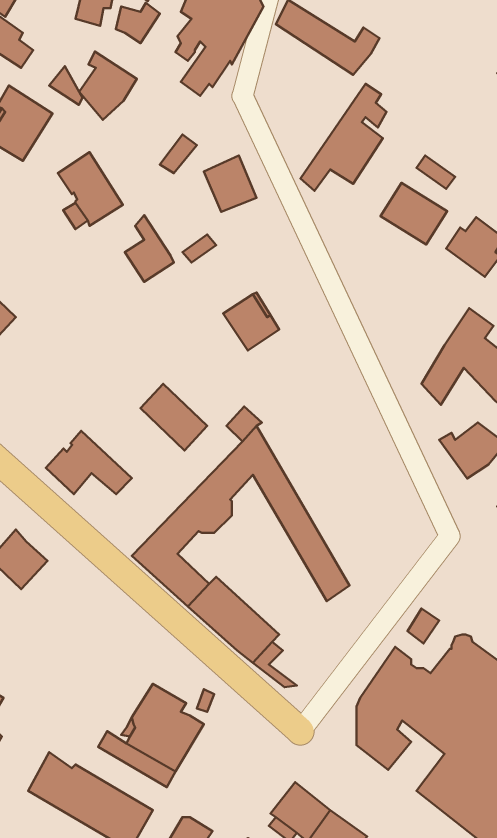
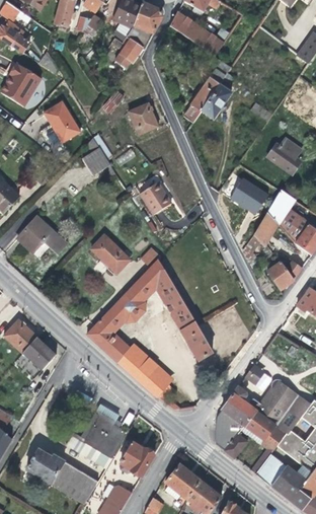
building: [79,52,137,120] -> none
building: [381,183,447,244] -> [230,178,268,214]
building: [46,431,132,494] -> [17,216,67,252]
building: none -> [22,337,56,370]
building: none -> [121,442,155,476]

